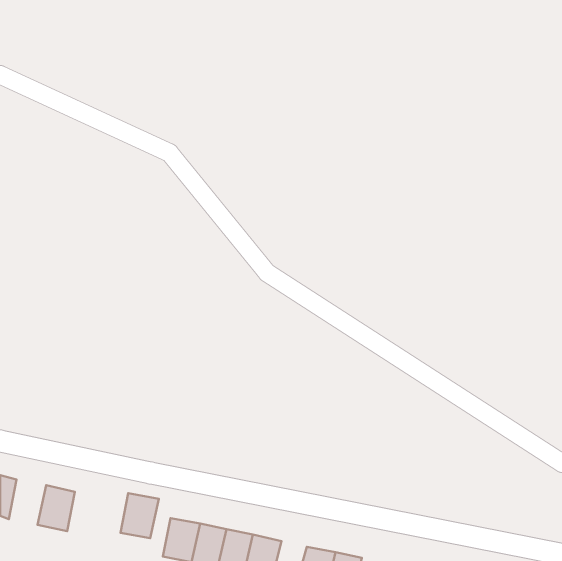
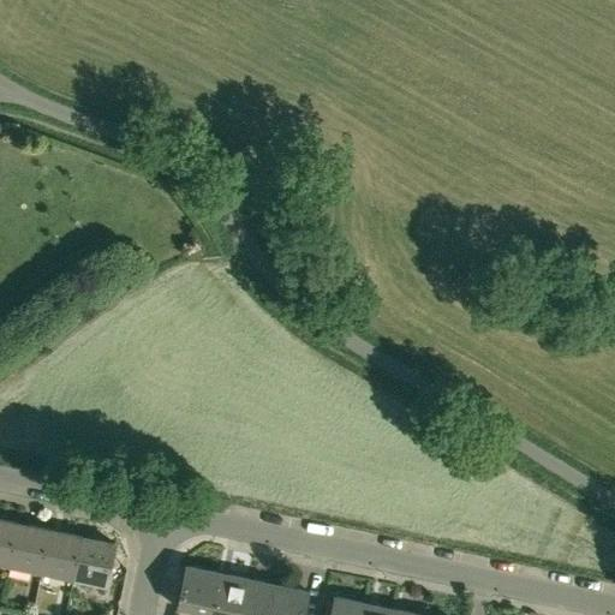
building: none -> [10,525,50,574]
building: [120,493,159,538] -> [73,538,115,587]

